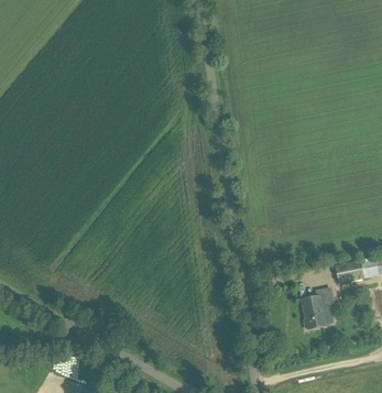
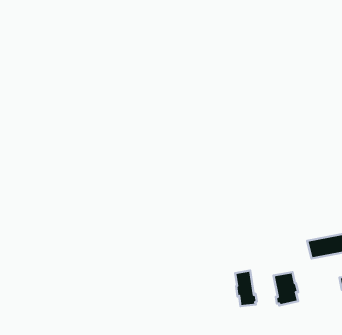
building: none -> [235,271,257,306]

